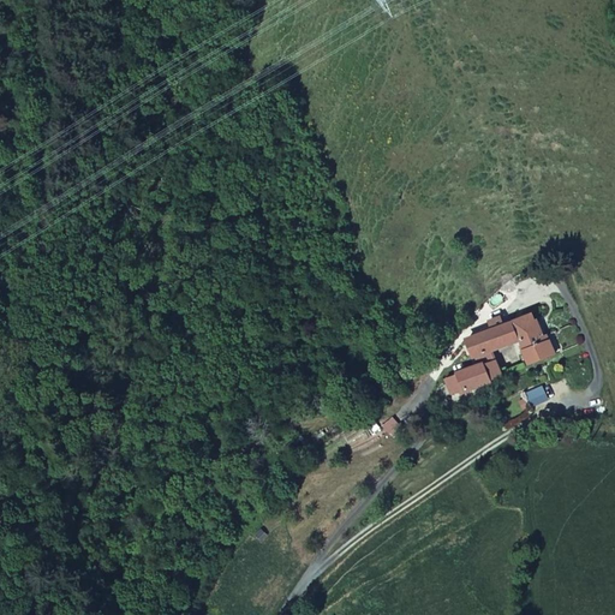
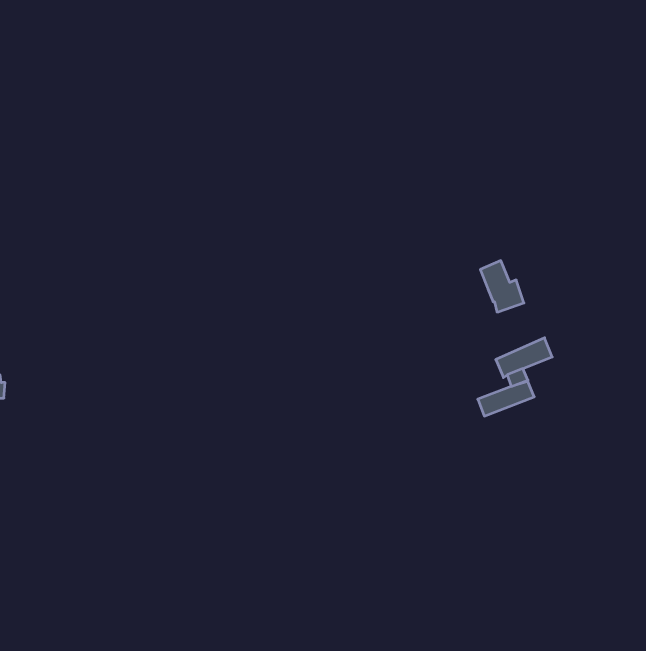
building: [509,312,550,360] -> [480,261,524,312]

